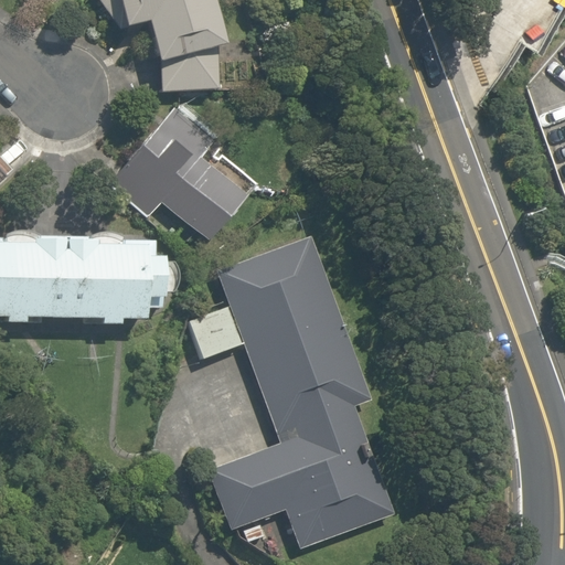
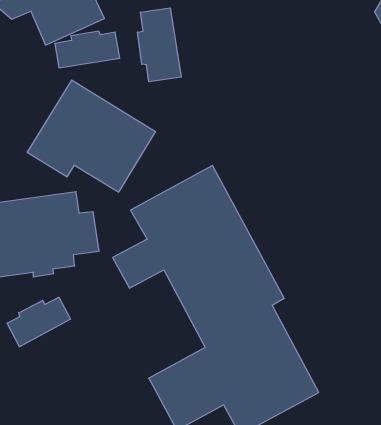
building: none -> [137,8,181,82]
building: none -> [7,297,70,347]

